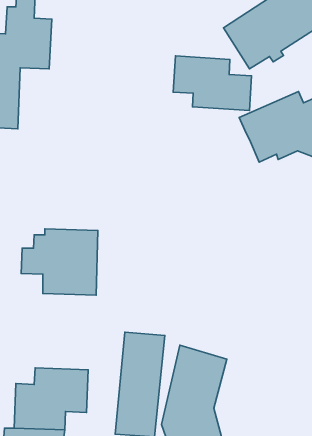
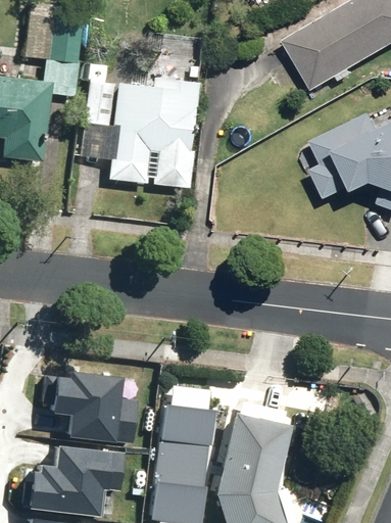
building: none -> [86,36,199,186]
building: [173,56,252,111] -> none
building: [21,229,98,295] -> [38,364,128,441]

